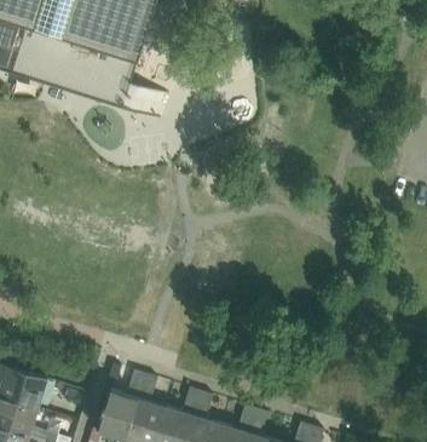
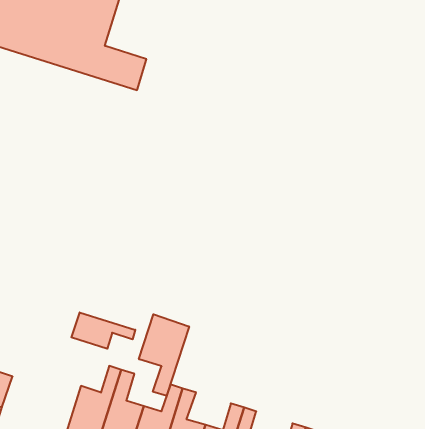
building: none -> [71,312,135,349]
building: none -> [139,314,189,396]

